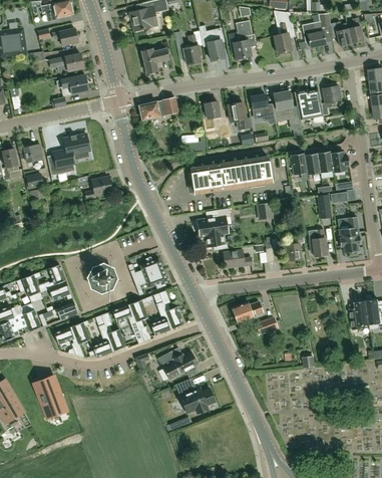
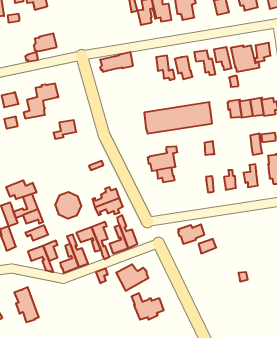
building: [141,48,168,72] -> none
building: [48,54,83,71] -> none
building: none -> [6,180,36,199]
building: [223,249,252,267] -> none

